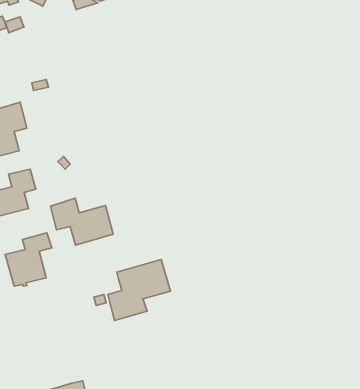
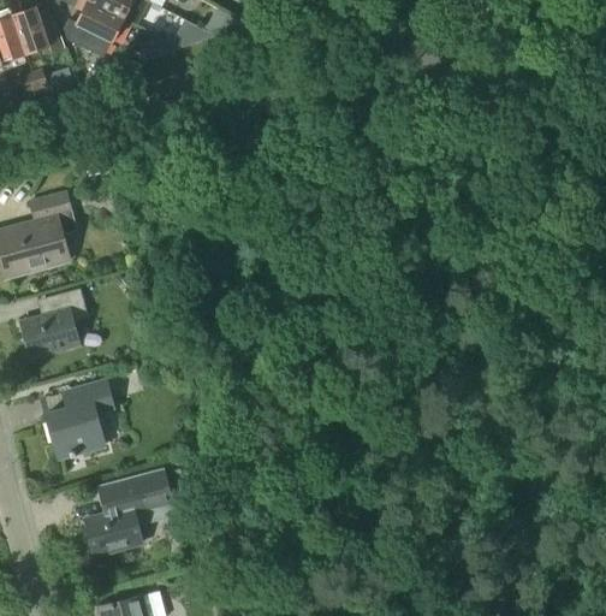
building: [50,198,113,245] -> none
building: [108,259,170,321] -> [84,468,174,556]

